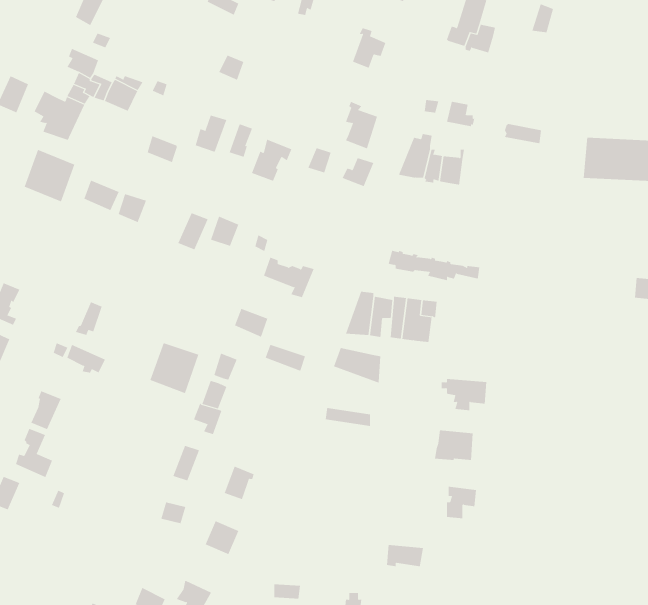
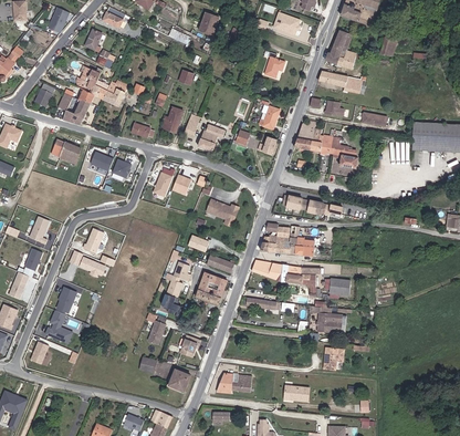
building: none -> [318,70,366,93]
building: none -> [333,137,358,168]
building: [150,343,199,394] -> [195,273,227,307]
building: none -> [285,266,316,298]
building: none -> [217,373,251,393]

